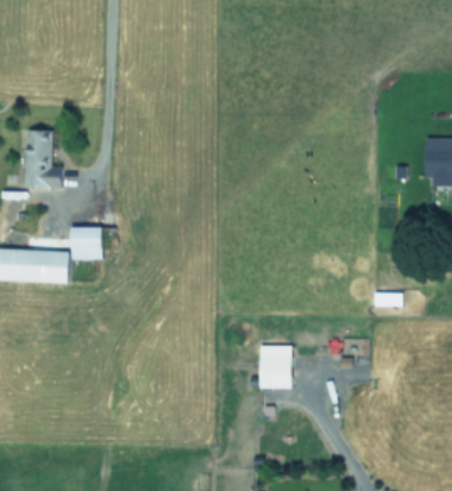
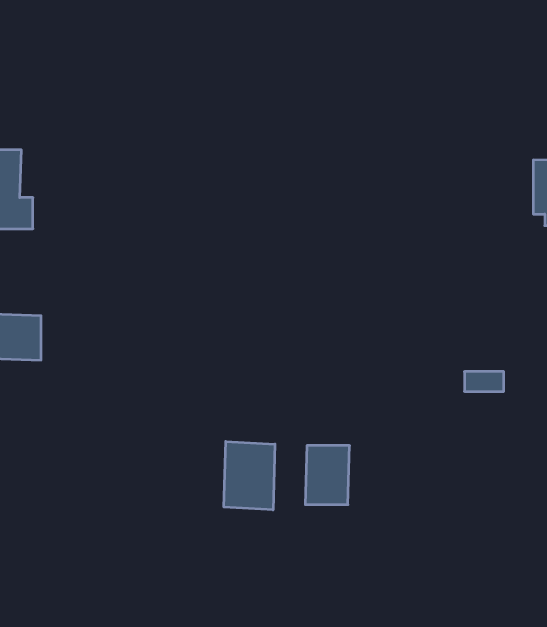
building: [69,227,101,260] -> none
building: none -> [224,441,275,510]

